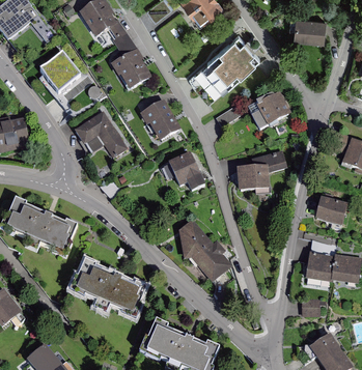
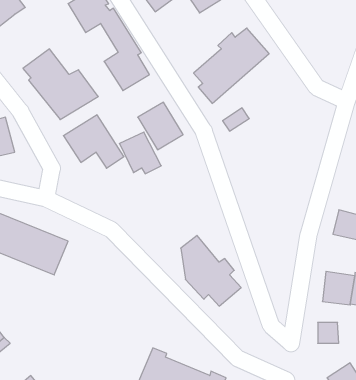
building: [296,18,325,39] -> none
building: [251,92,290,130] -> none
building: [238,148,288,189] -> none
building: [168,153,205,191] -> [119,132,161,174]
building: [68,258,148,321] -> none

